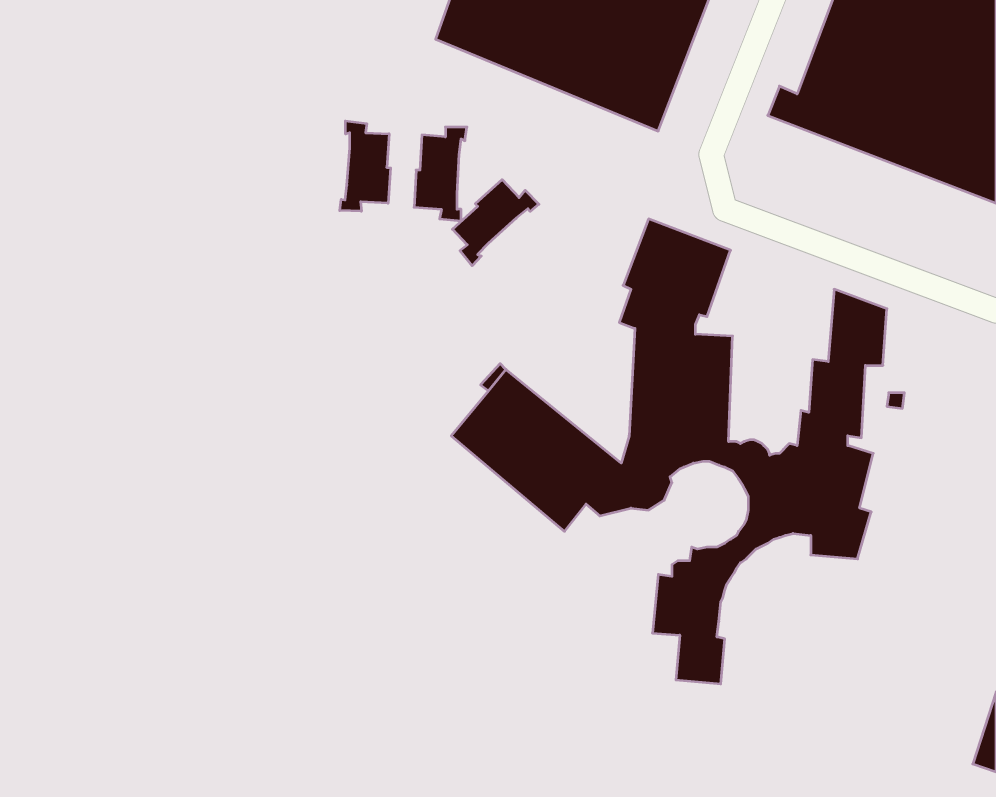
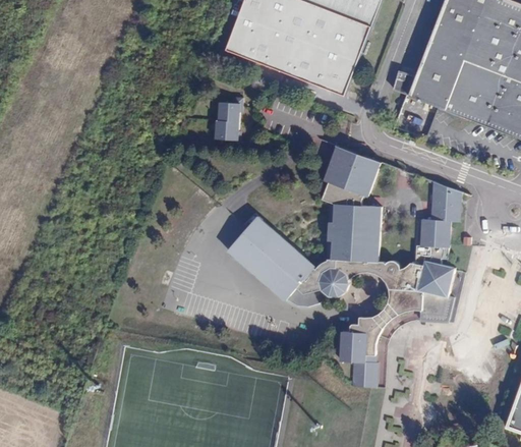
building: [340,121,391,211] -> none
building: [452,180,539,266] -> none

